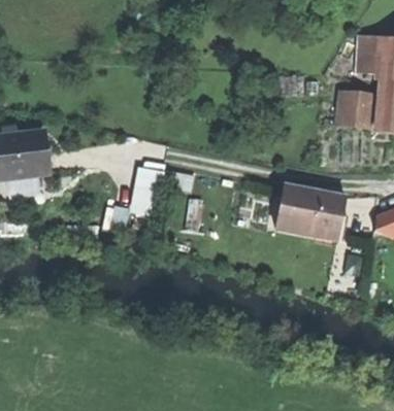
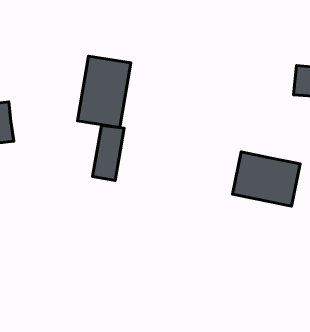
building: none -> [77,56,131,127]

